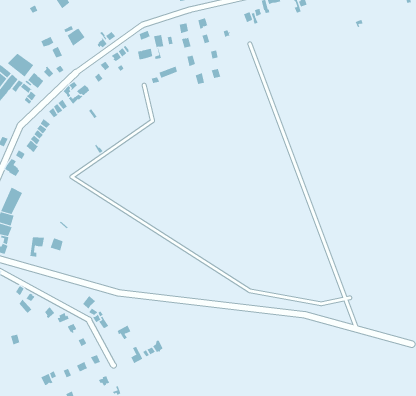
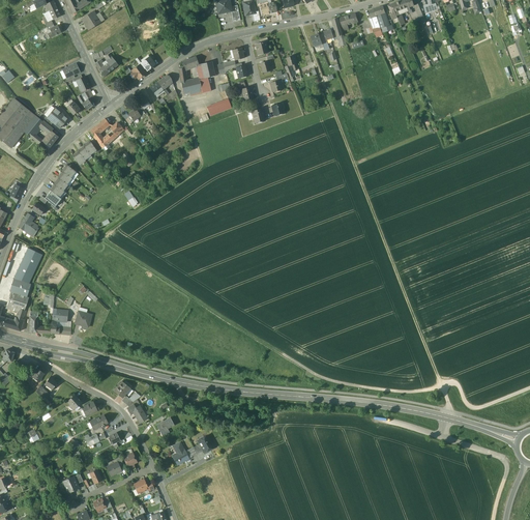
building: [7,53,34,78] -> none

